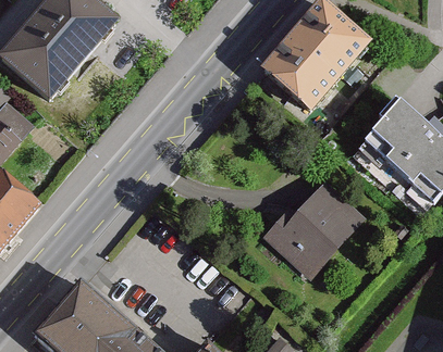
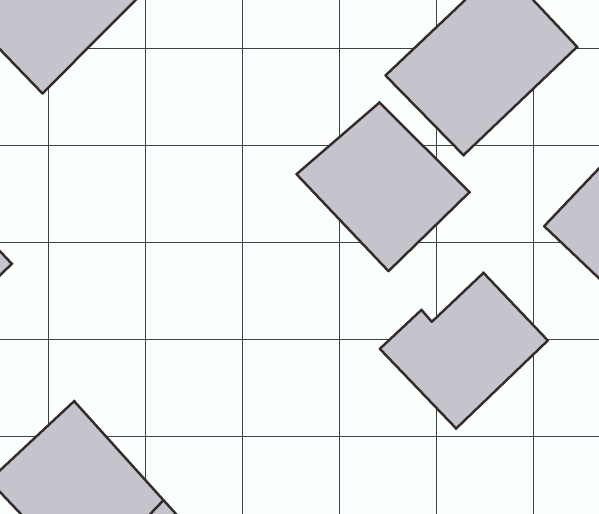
building: none -> [297,102,470,271]

